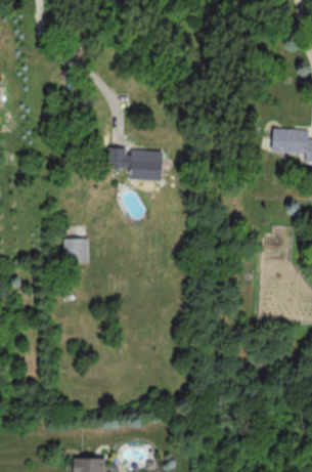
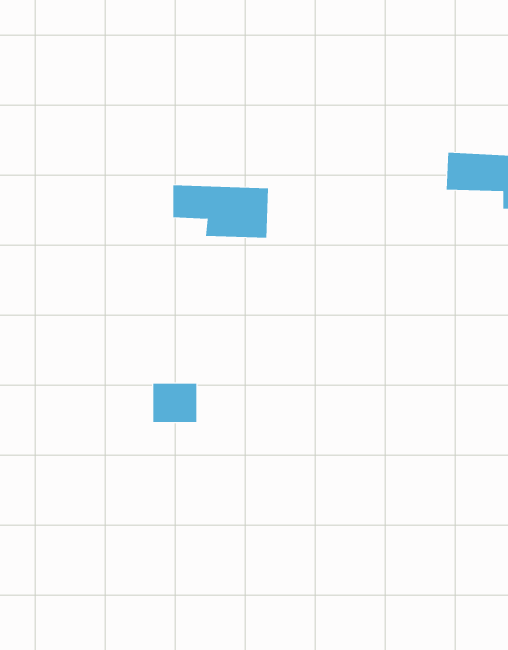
building: [61,239,88,262] -> [152,383,197,423]

